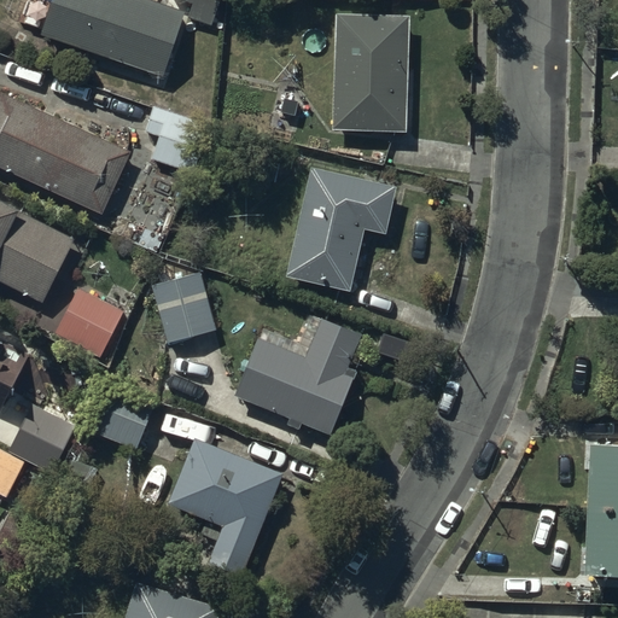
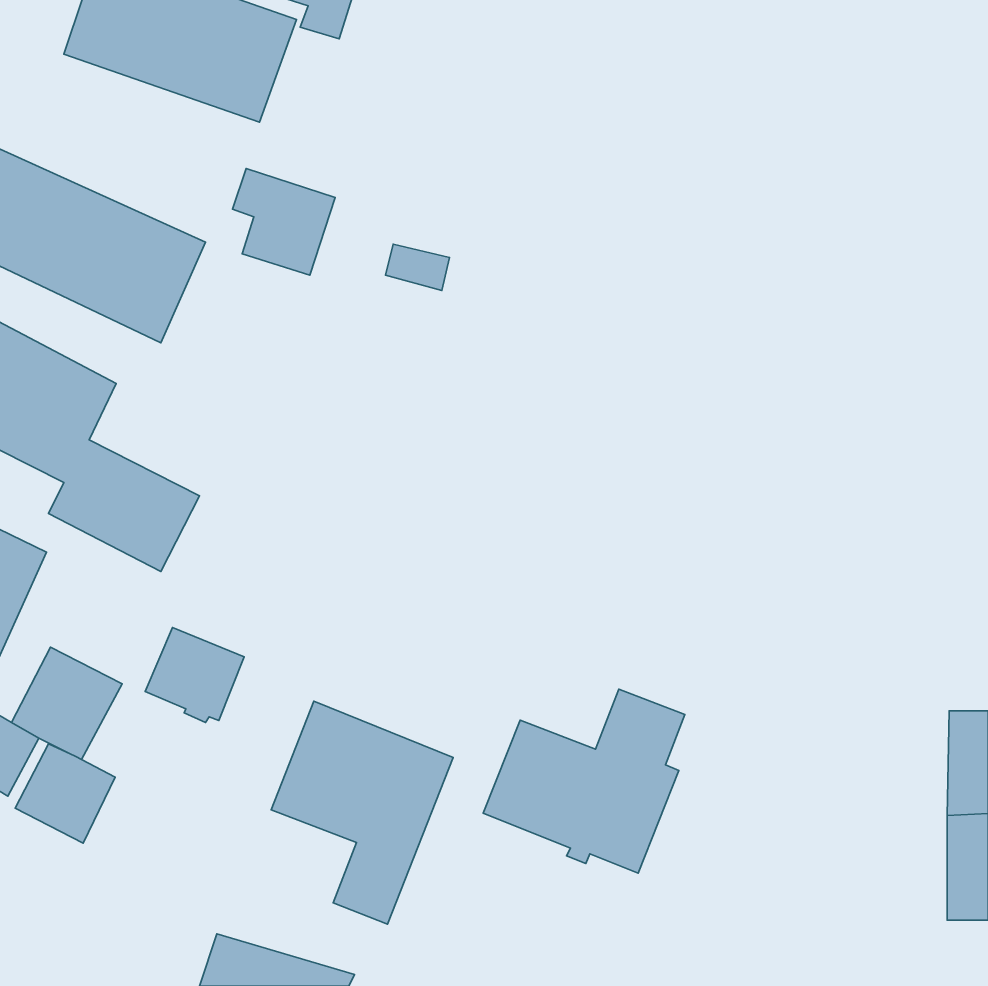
building: [332,17,408,132] -> none
building: [285,167,397,291] -> none
building: [151,270,215,343] -> none
building: [234,319,360,433] -> [483,689,685,873]
building: none -> [15,744,115,843]

